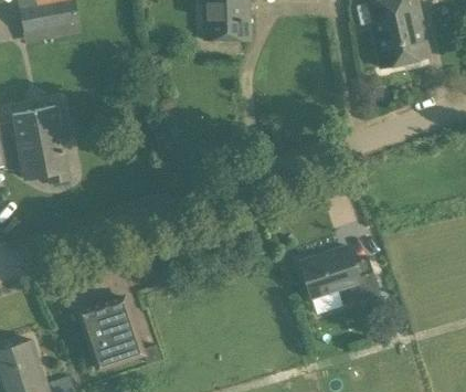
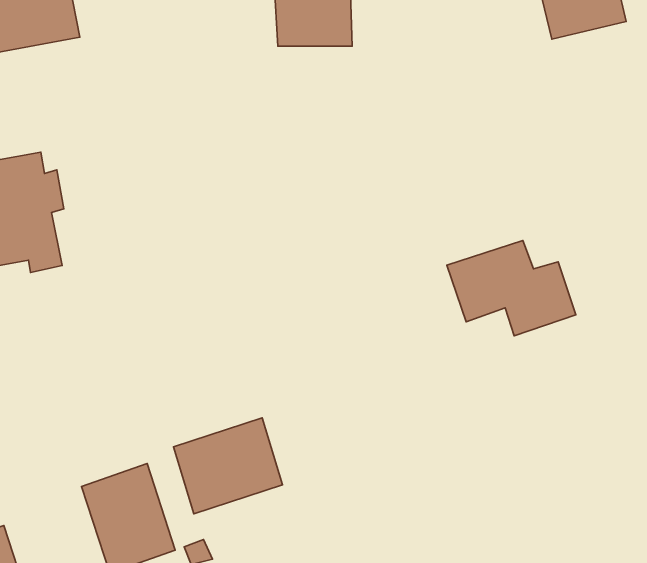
building: [374,23,428,66] -> none
building: [299,245,380,305] -> [447,240,576,336]
building: none -> [174,418,283,514]

